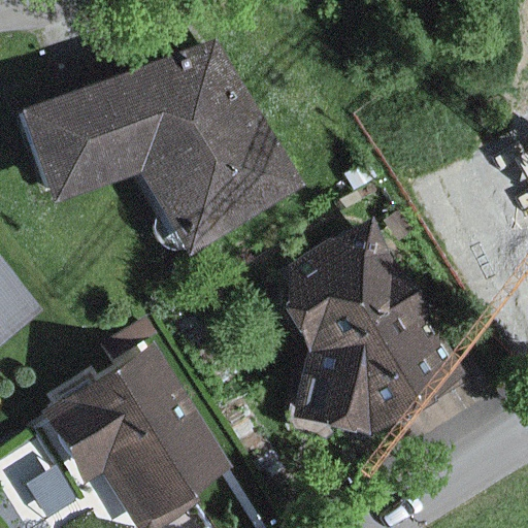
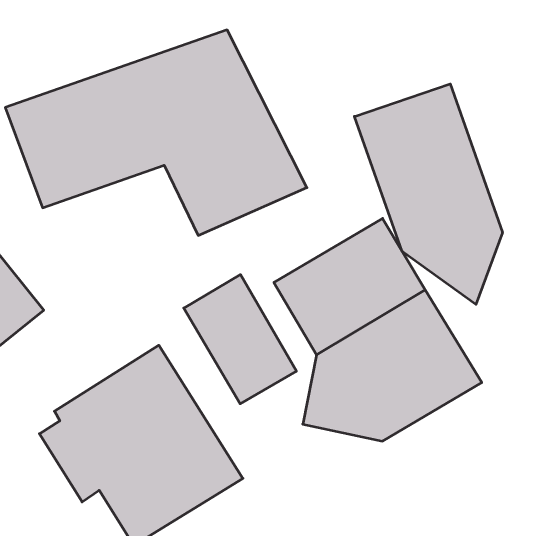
building: none -> [354,84,502,304]
building: none -> [184,275,296,404]

